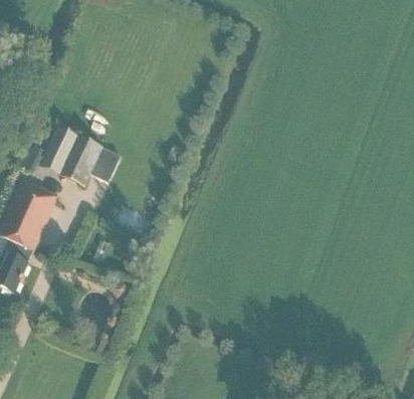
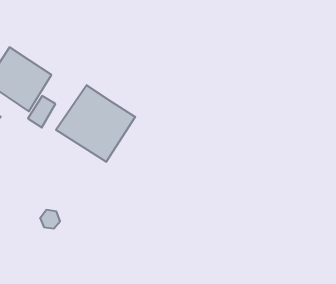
building: none -> [56,85,135,162]

